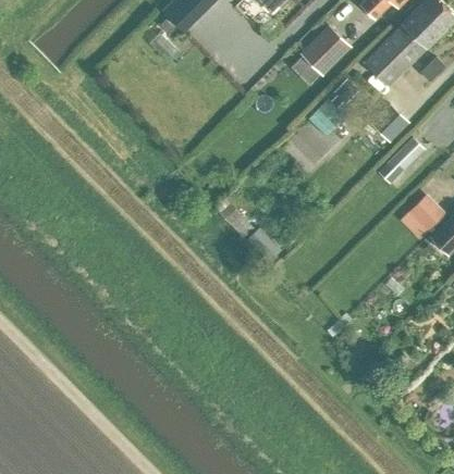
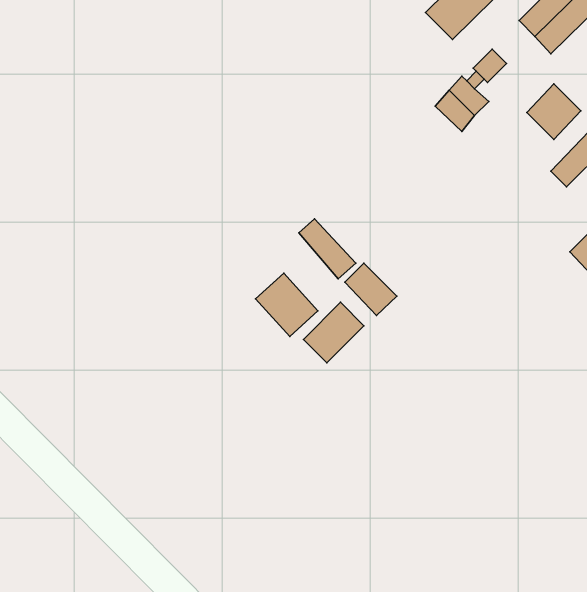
building: none -> [256,273,318,336]
building: none -> [304,302,364,363]

